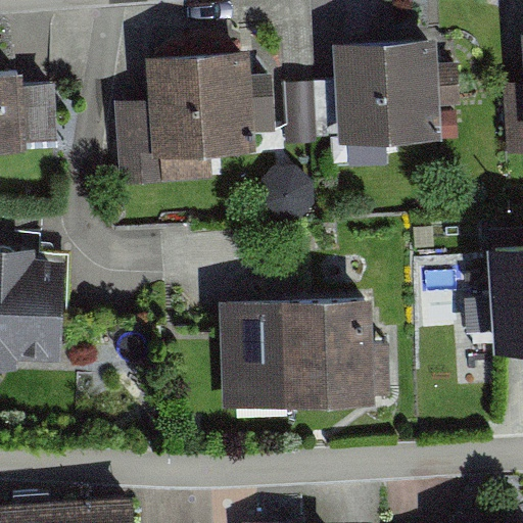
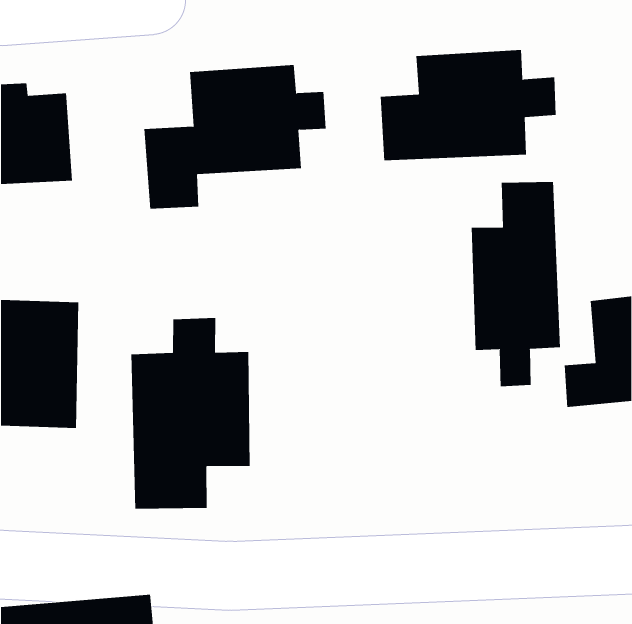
building: none -> [471,181,561,387]
building: none -> [131,317,250,510]
building: [221,296,377,410] -> none

